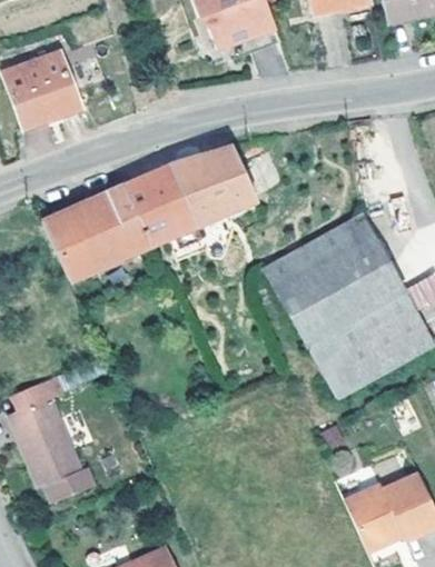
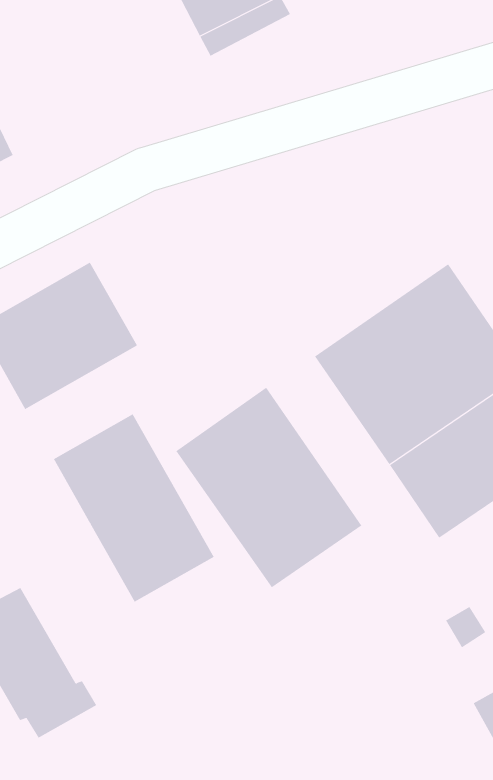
building: [125,147,256,243] -> none
building: none -> [175,387,362,588]
building: none -> [53,414,214,602]

